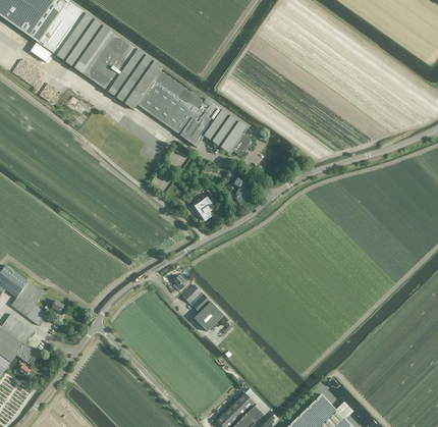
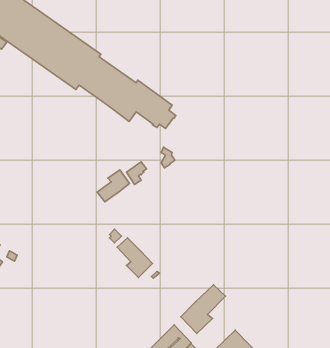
building: none -> [97,170,130,202]
building: none -> [181,285,226,334]

